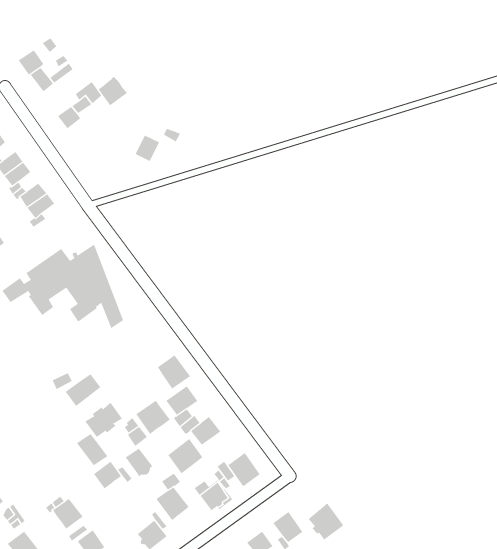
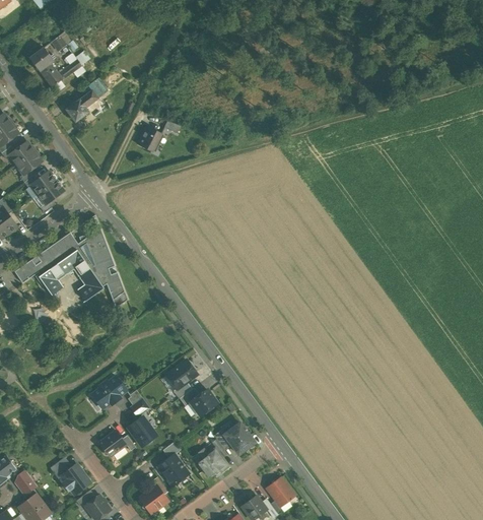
building: [98,76,128,106] -> none
building: [157,354,191,390] -> none
building: [65,373,101,407] -> none
building: [136,400,171,435] -> none
building: [76,433,108,466] -> none
building: [168,438,203,474] -> none
building: [308,503,344,541] -> none

